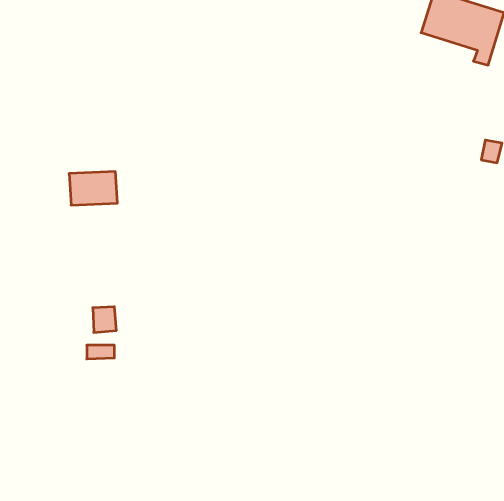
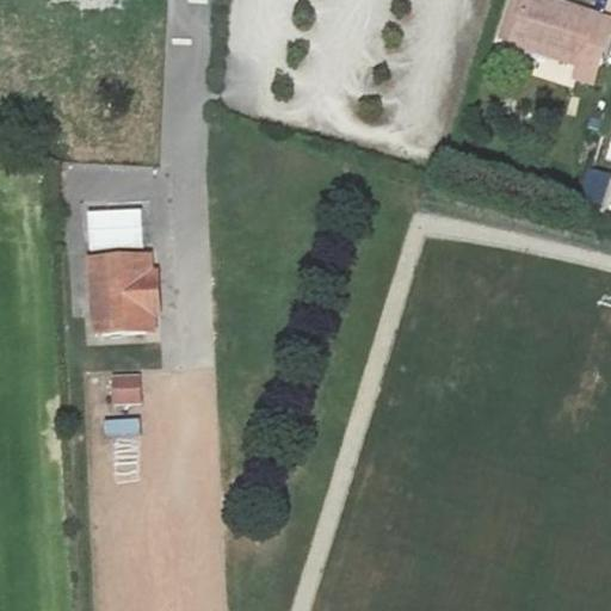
building: none -> [93,258,156,335]

